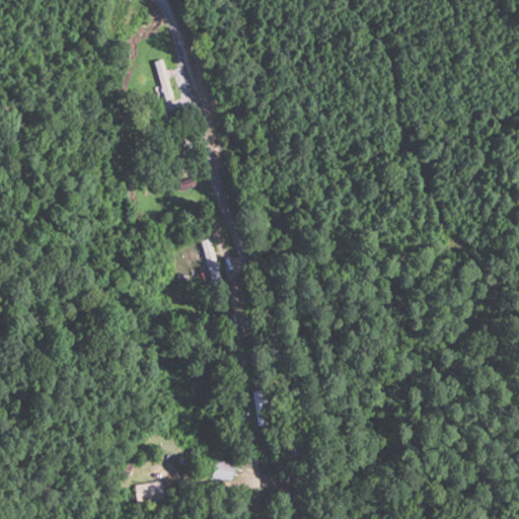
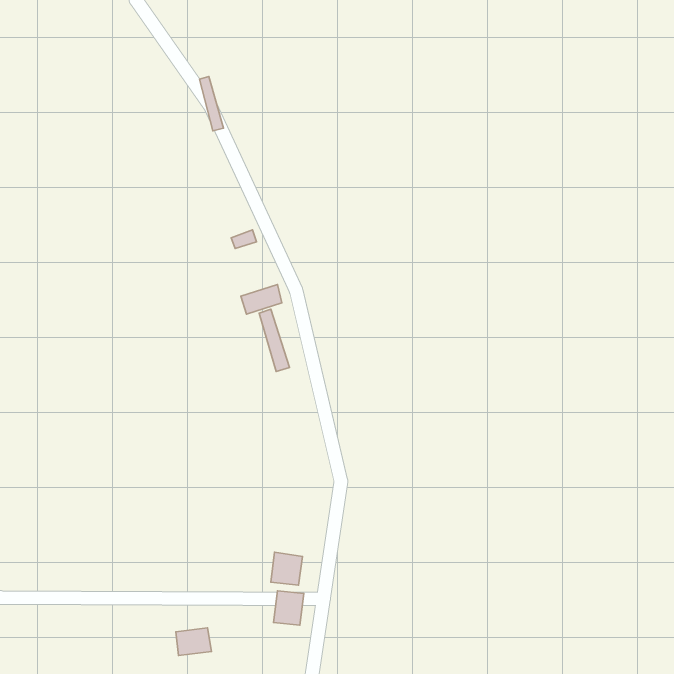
building: none -> [241,285,282,314]
building: none -> [271,552,302,585]

